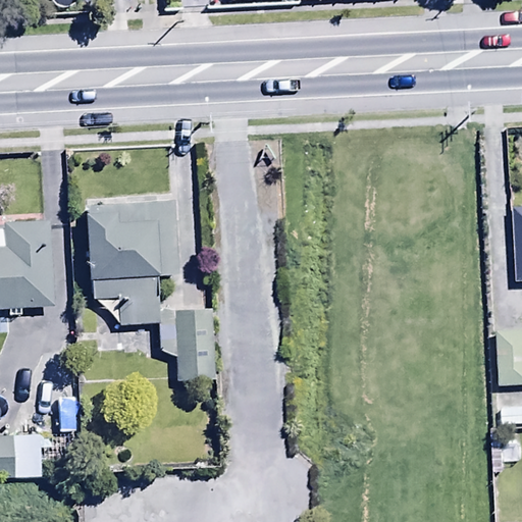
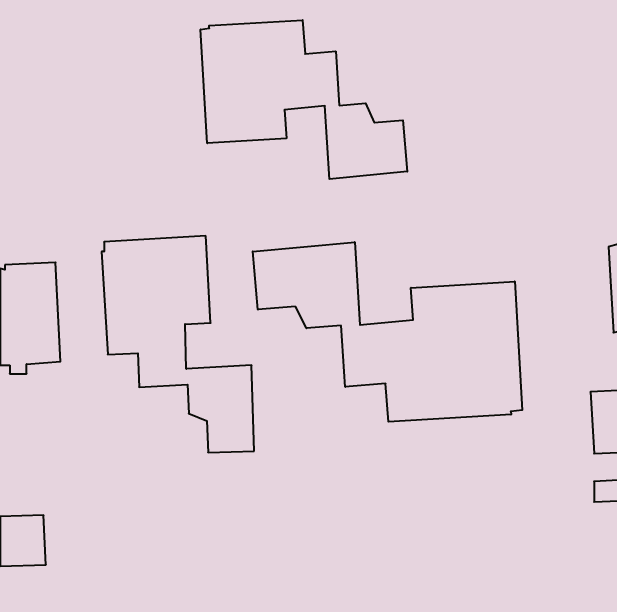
building: none -> [201,20,407,179]
building: none -> [253,242,522,422]

